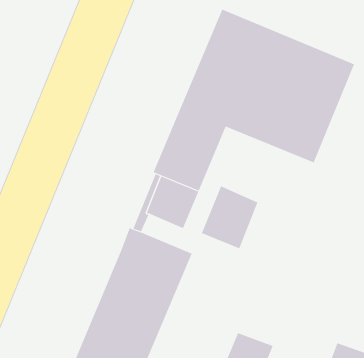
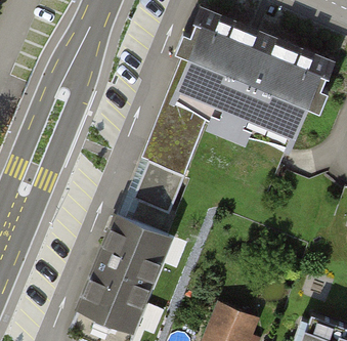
building: [201,186,258,249] -> none

